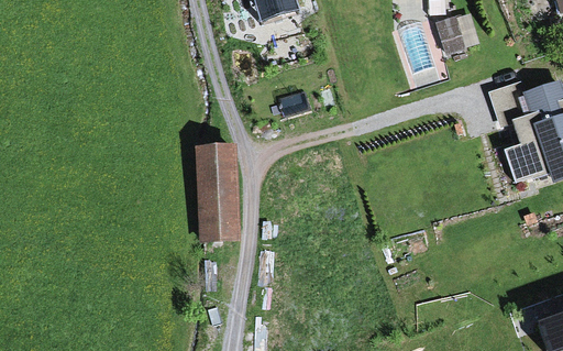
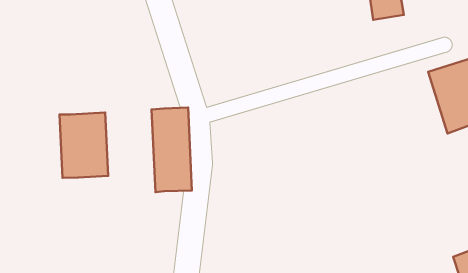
building: none -> [59,113,108,178]

